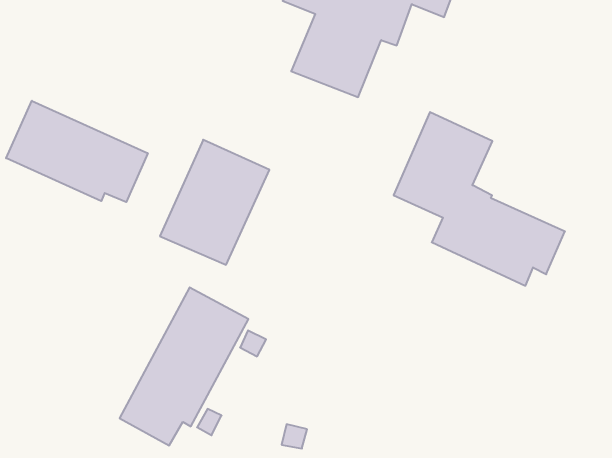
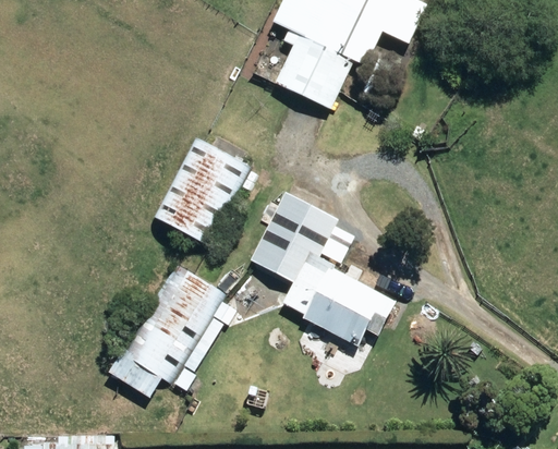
building: [6,101,148,202] -> none
building: [394,112,565,286] -> [251,191,397,345]

